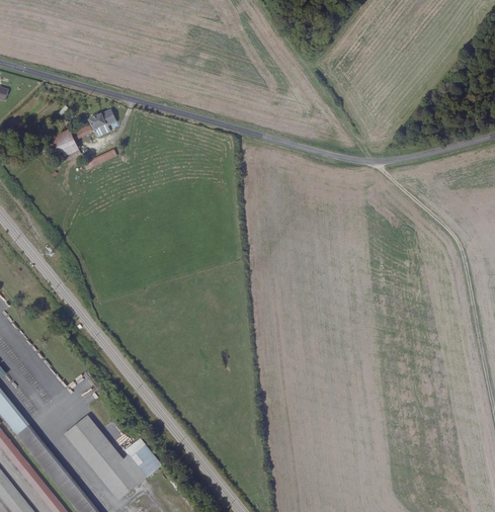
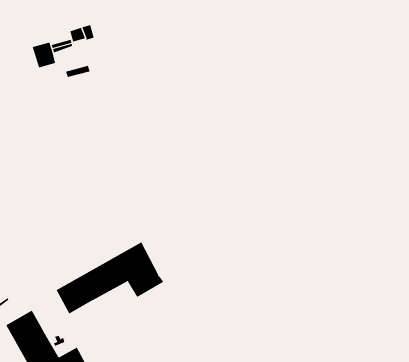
building: none -> [56,241,164,314]

